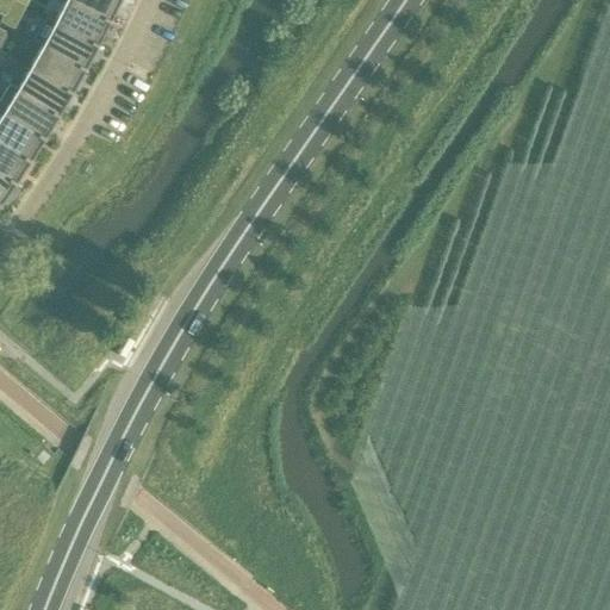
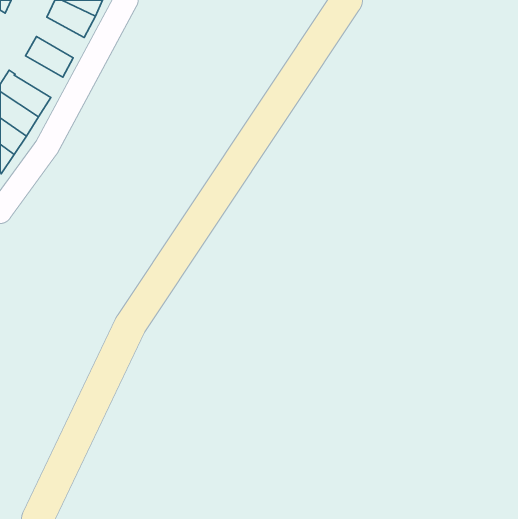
building: [44,20,100,68] -> none
building: [18,66,75,114] -> none

